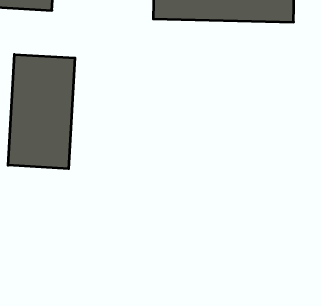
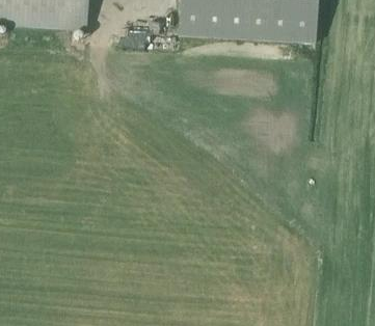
building: [8,54,75,169] -> none

